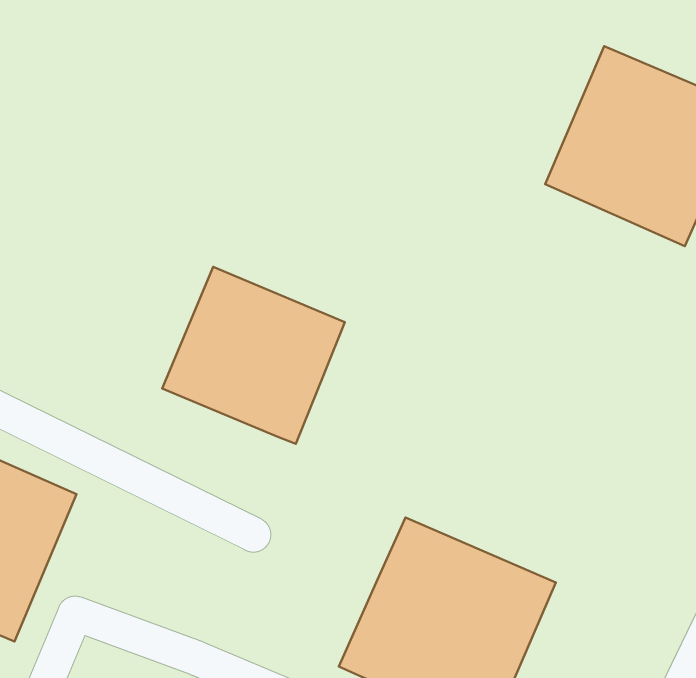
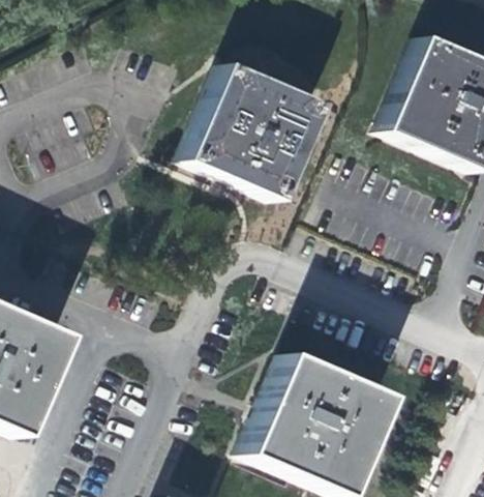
building: none -> [185,60,320,198]
building: [162,267,345,444] -> none

